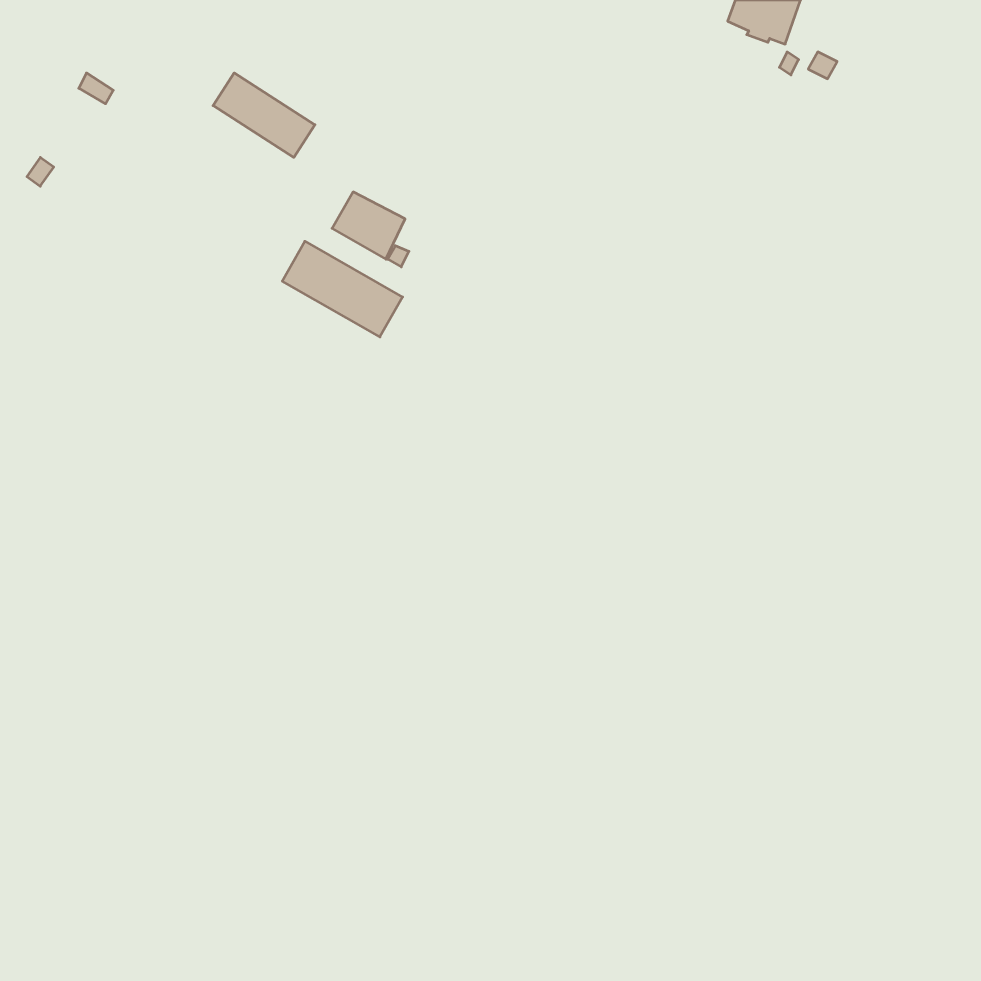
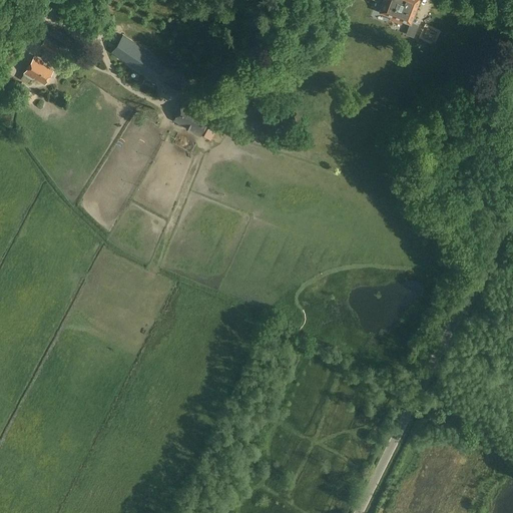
building: none -> [24,56,53,83]
building: [282,241,403,337] -> none

